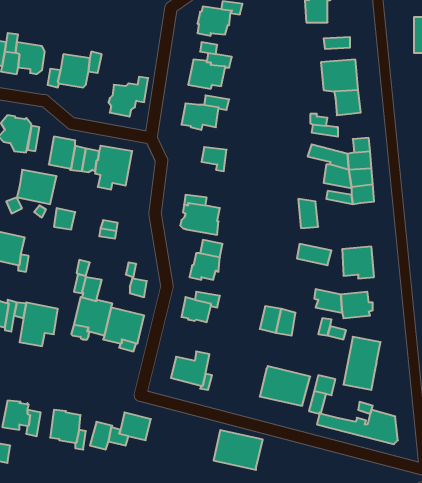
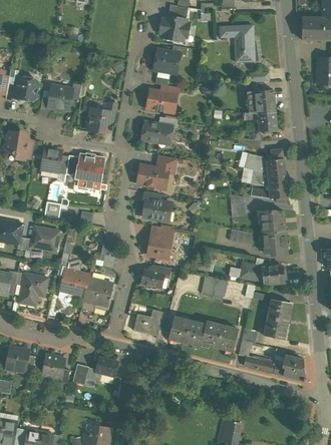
building: none -> [136,165,169,187]
building: [17,170,57,204] -> [30,226,60,252]
building: none -> [261,209,285,233]
building: [214,430,263,470] -> [169,316,206,346]

